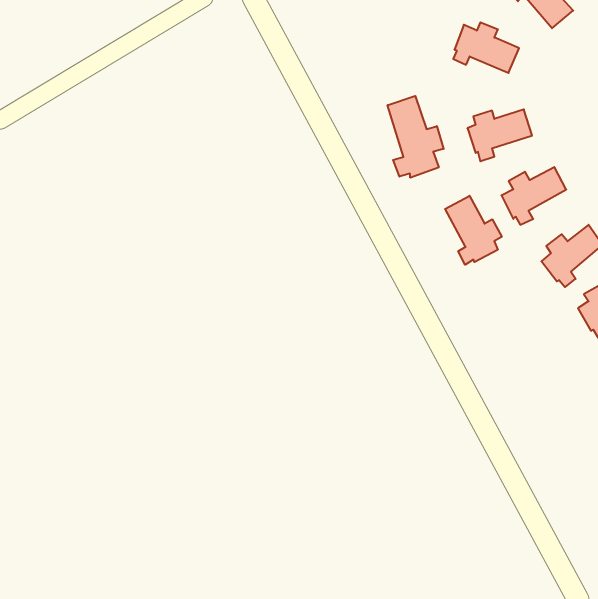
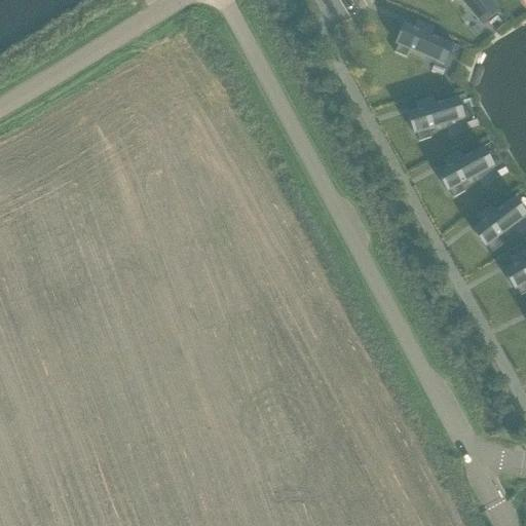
building: [388,96,444,178] -> none
building: [445,196,502,265] -> none

